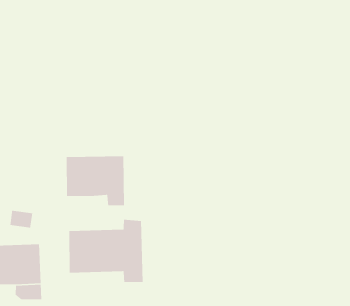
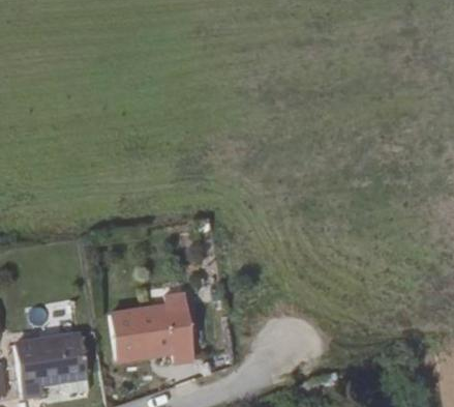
building: [66,155,125,206] -> none

